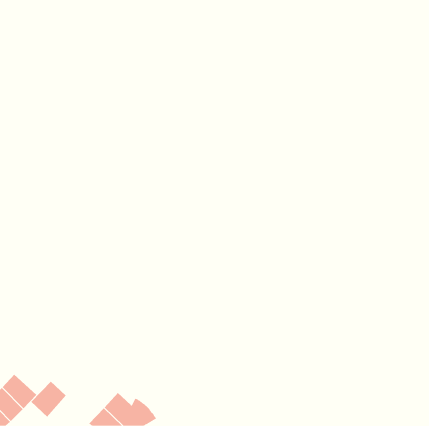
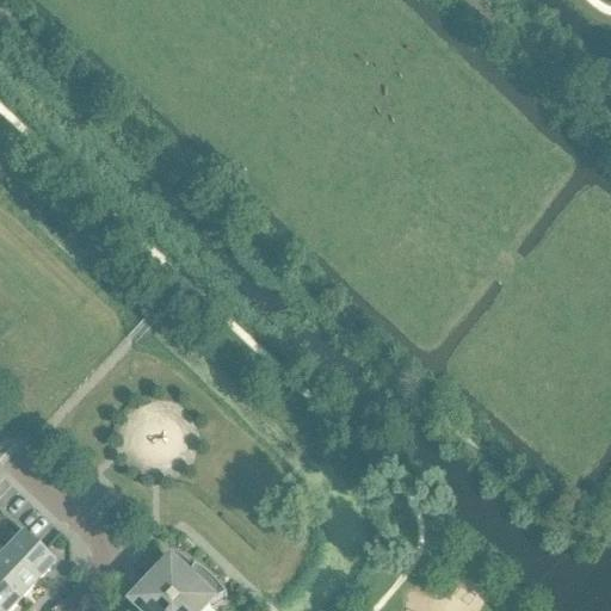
building: [31,381,67,418] -> none

